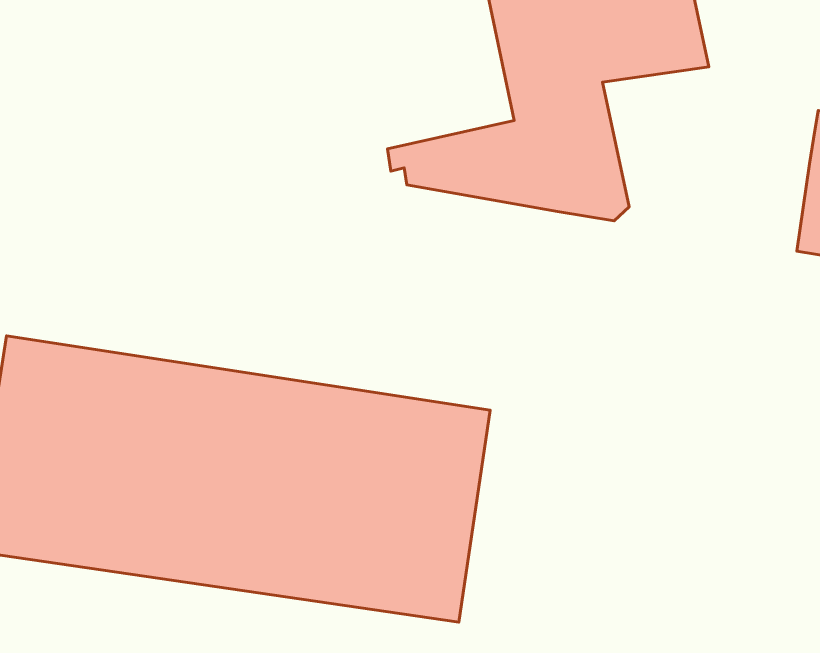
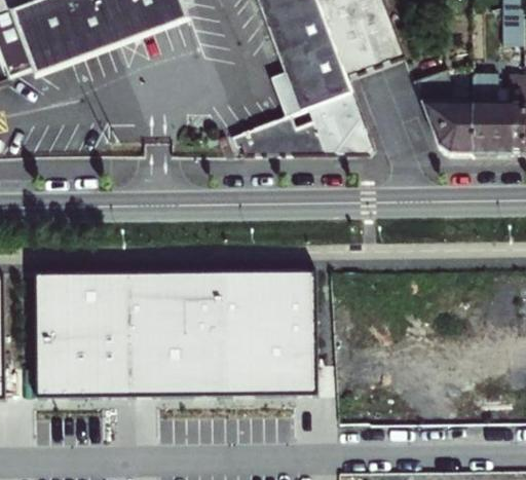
building: none -> [417,69,473,153]

